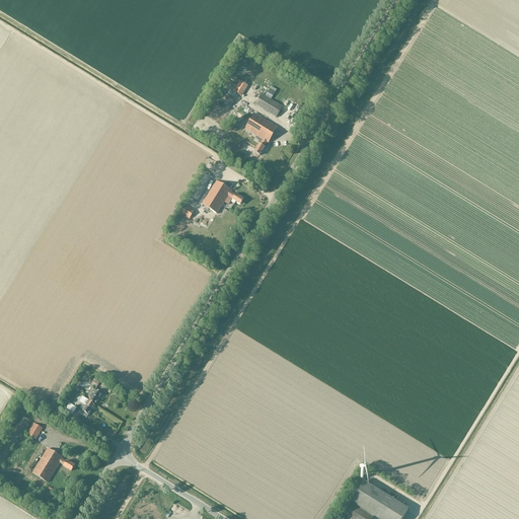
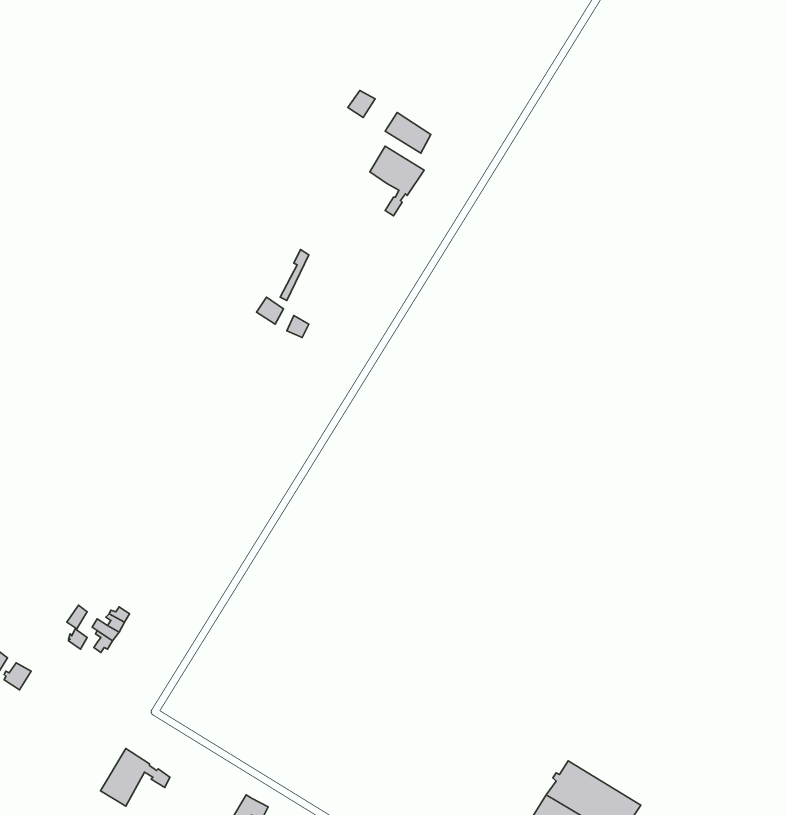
building: [202,180,243,213] -> none
building: [32,447,74,481] -> [100,749,170,806]

